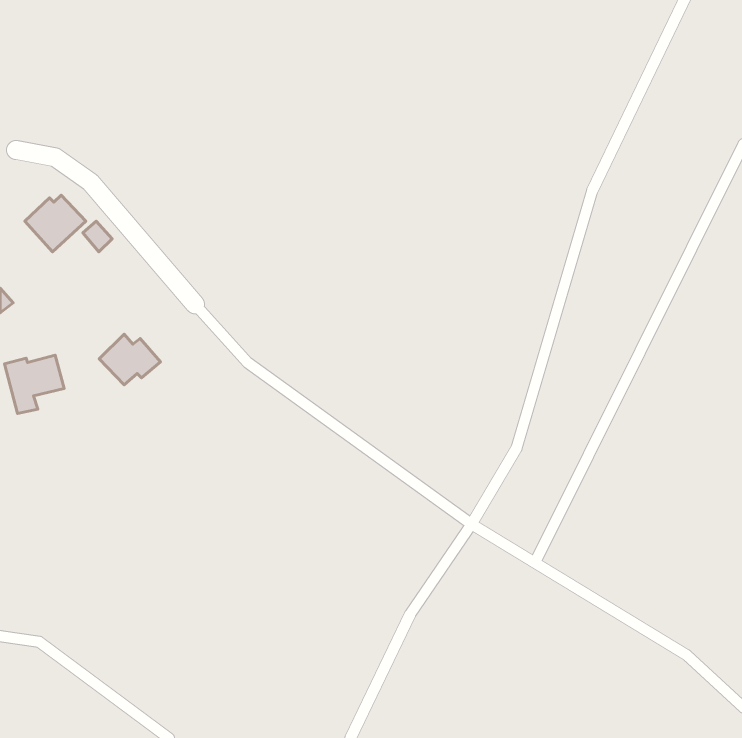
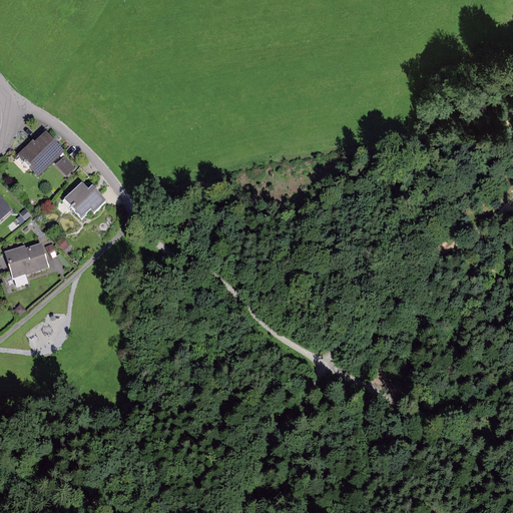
building: [99,334,160,385] -> [66,180,108,215]

